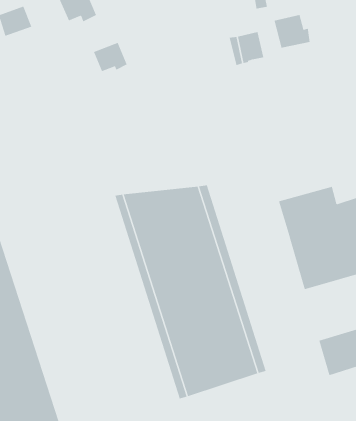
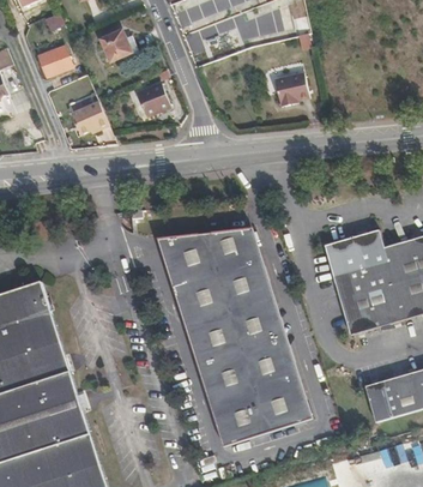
building: [274,14,310,49] -> none
building: none -> [70,102,108,134]

